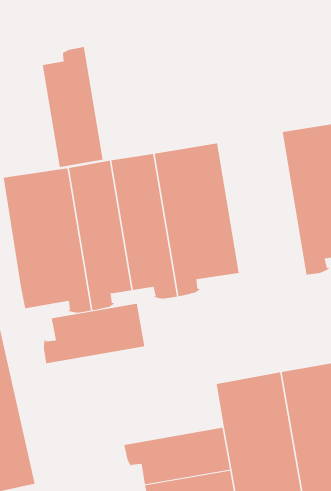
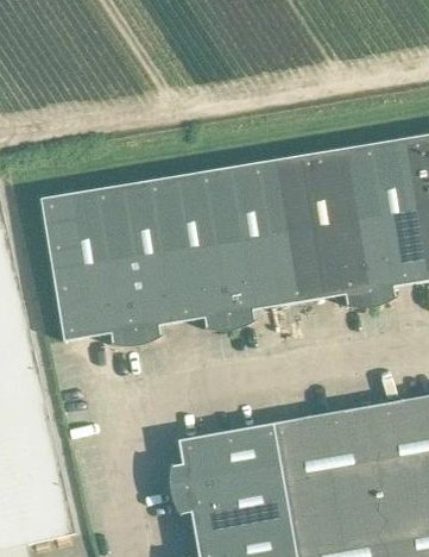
building: [42,46,103,168] -> none
building: none -> [276,148,372,308]
building: [43,303,145,364] -> [170,424,282,490]

